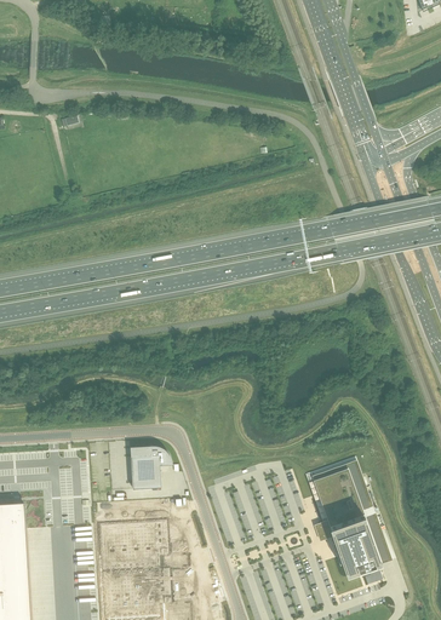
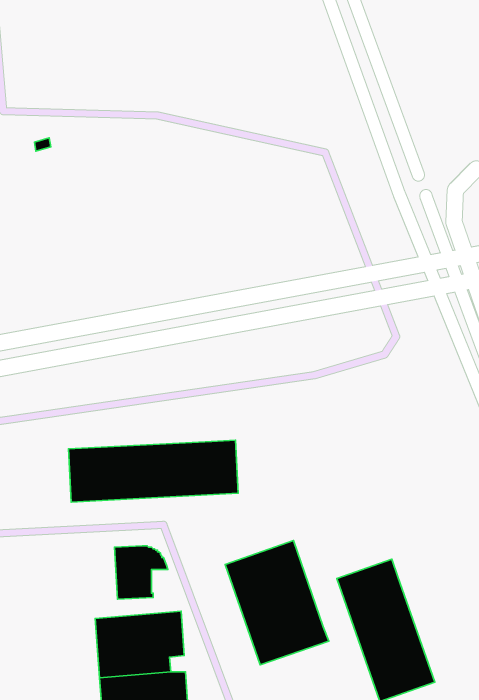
building: none -> [69,440,238,502]
building: none -> [225,541,329,665]

